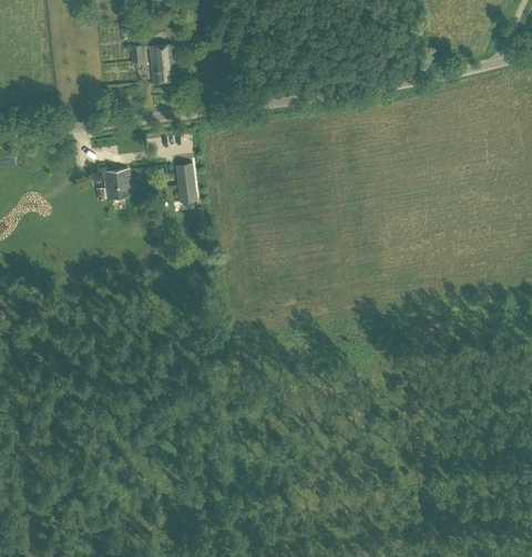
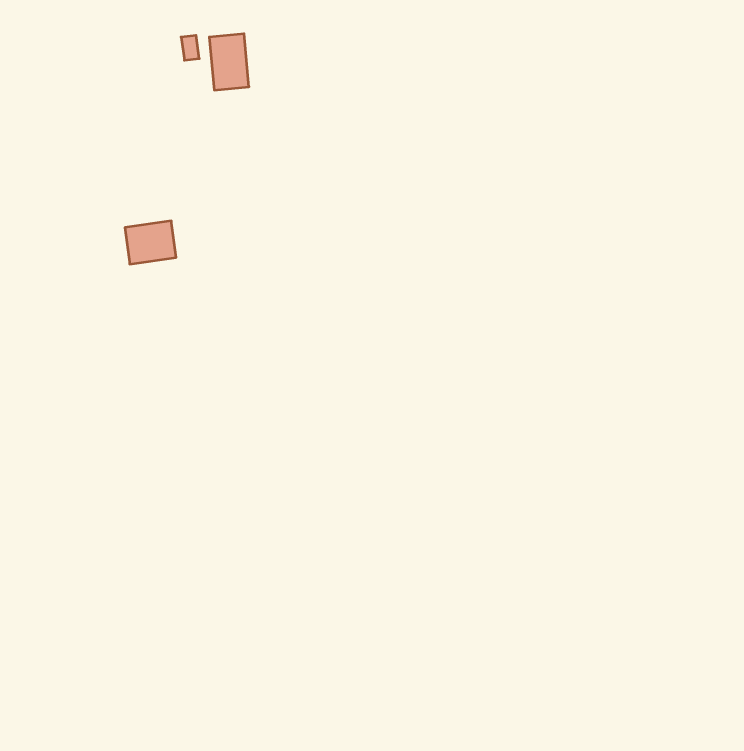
building: [175,164,196,204] -> none

